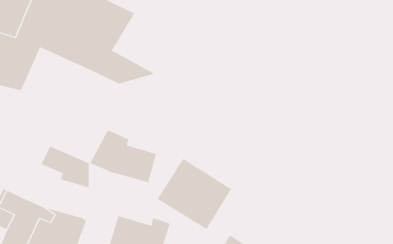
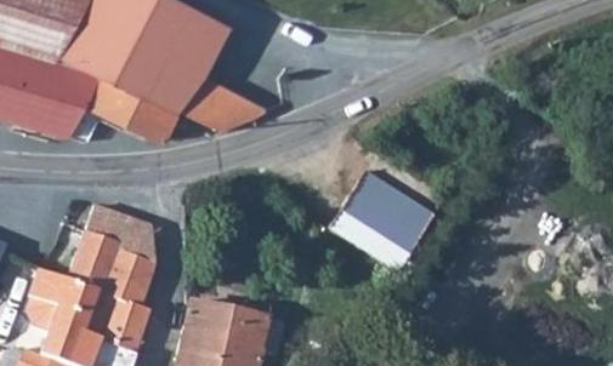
building: none -> [61,70,164,141]
building: [90,130,157,183] -> [66,234,160,309]
building: [157,158,232,230] -> [322,172,427,273]

